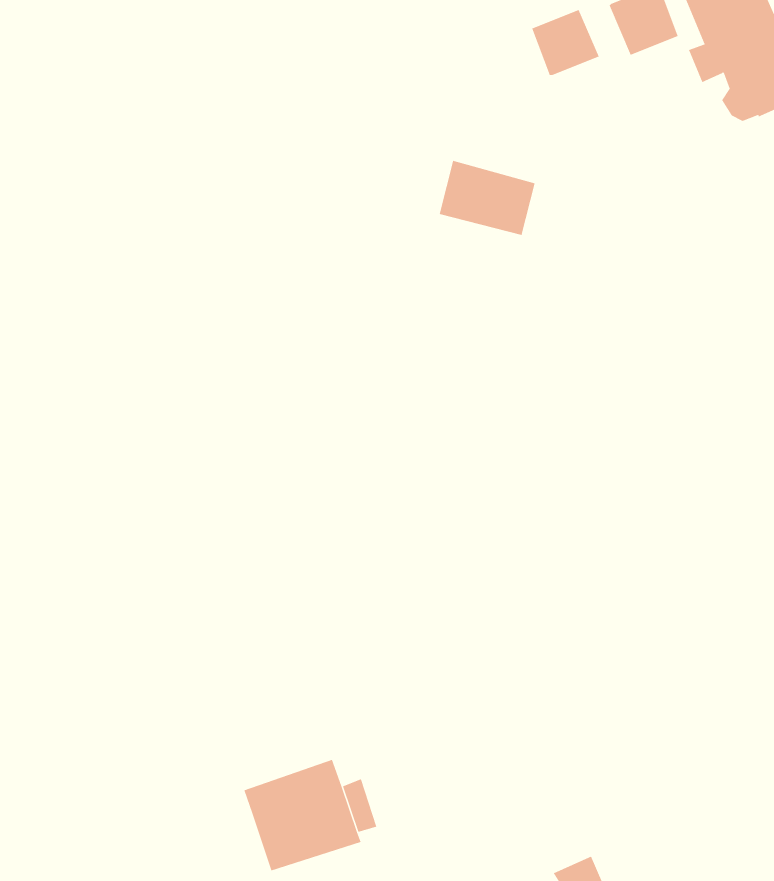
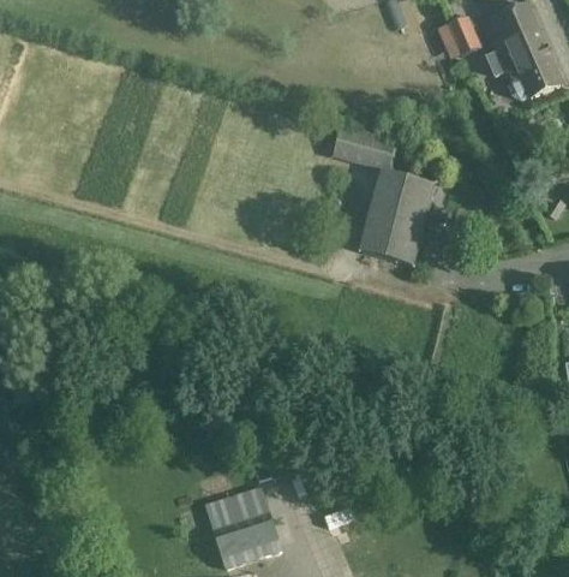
building: [532,9,600,76] -> none
building: none -> [361,168,432,262]

